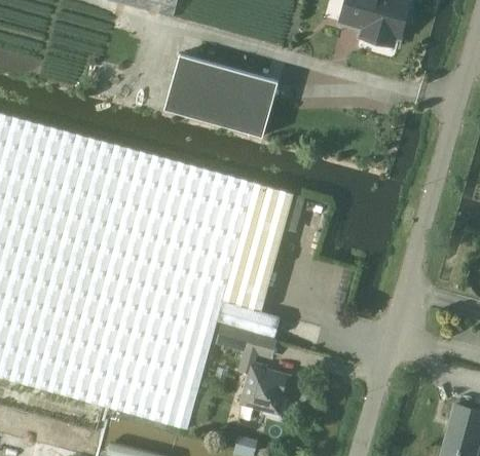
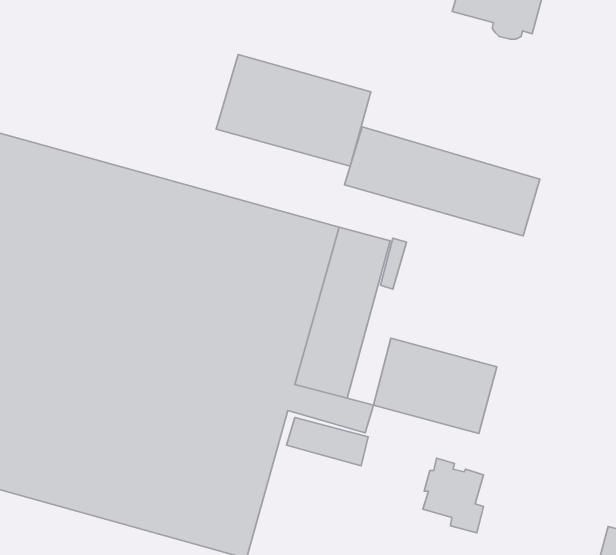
building: none -> [344,127,540,236]
building: none -> [374,338,497,433]
building: [243,366,288,421] -> [423,458,484,533]

